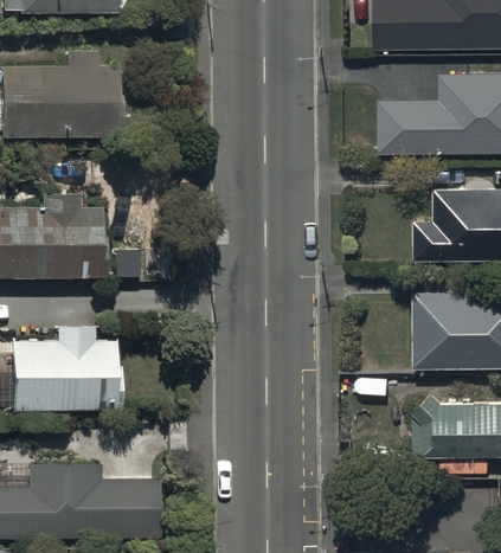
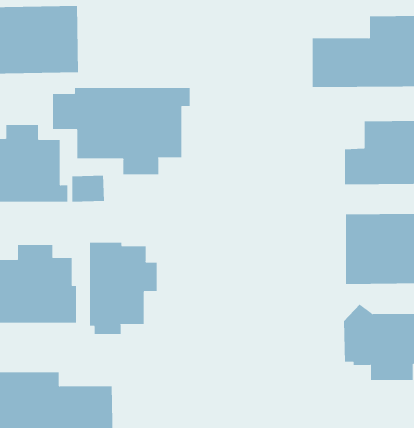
building: none -> [52,87,190,175]
building: none -> [90,242,157,335]

